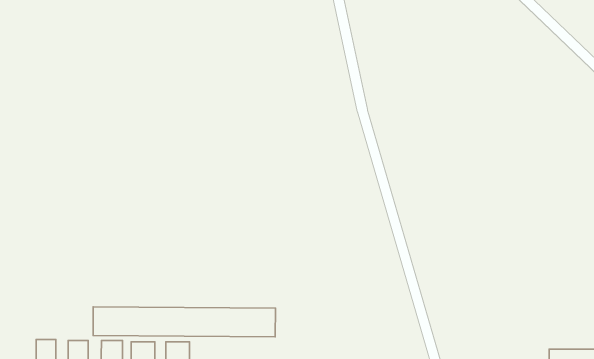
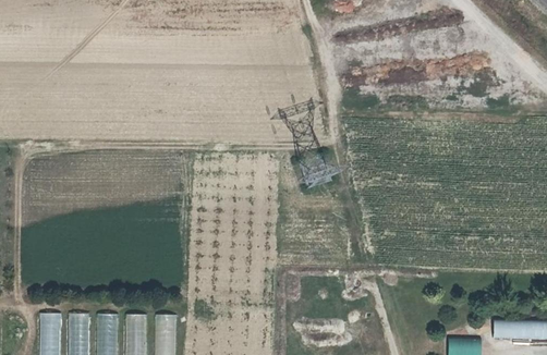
building: [93,307,275,337] -> none

